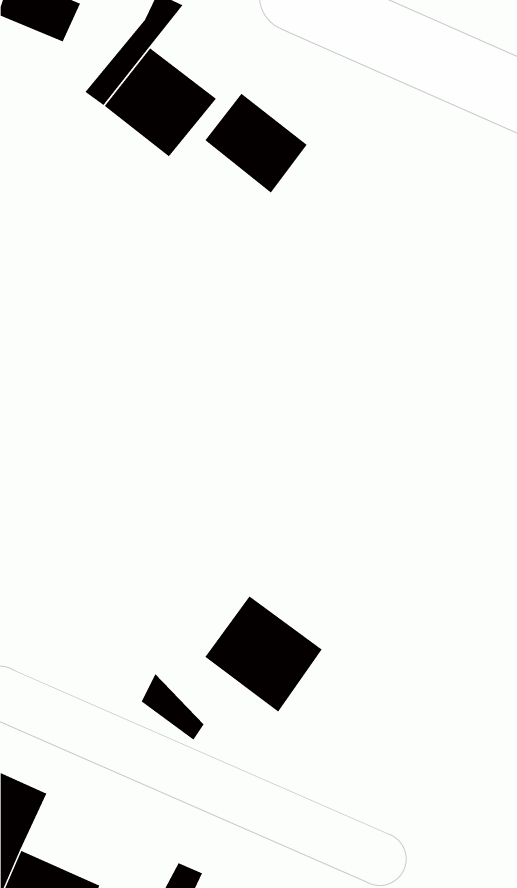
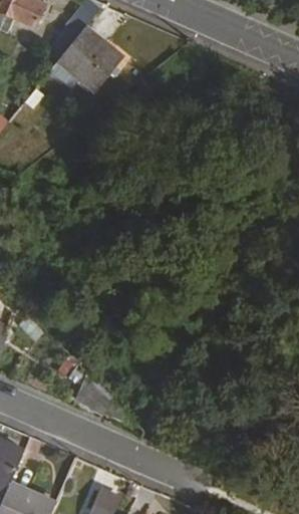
building: [204,93,307,194] -> none
building: [205,596,323,713] -> none

